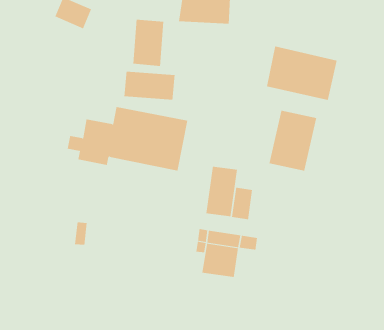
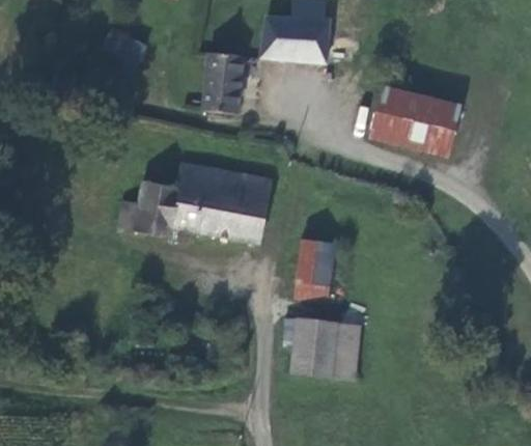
building: [124,71,175,100] -> none
building: [269,110,317,171] -> none
building: [231,187,253,220] -> [331,339,358,380]

